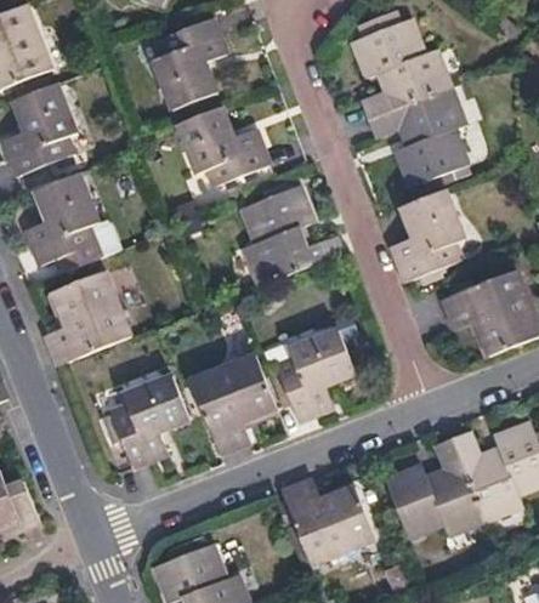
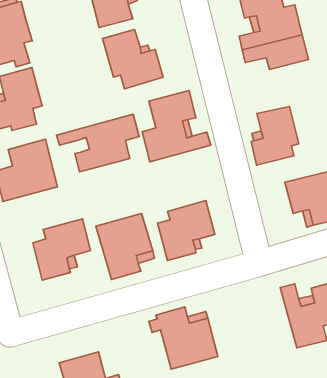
building: [396,123,461,189] -> none
building: none -> [56,114,139,172]
building: [388,438,484,534] -> none

